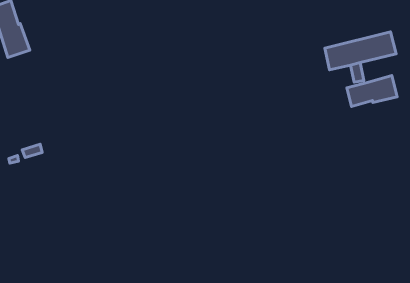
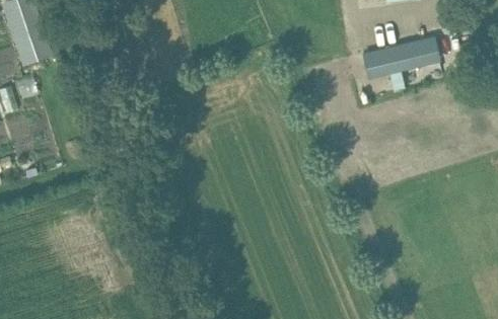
building: [347,75,397,106] -> none

